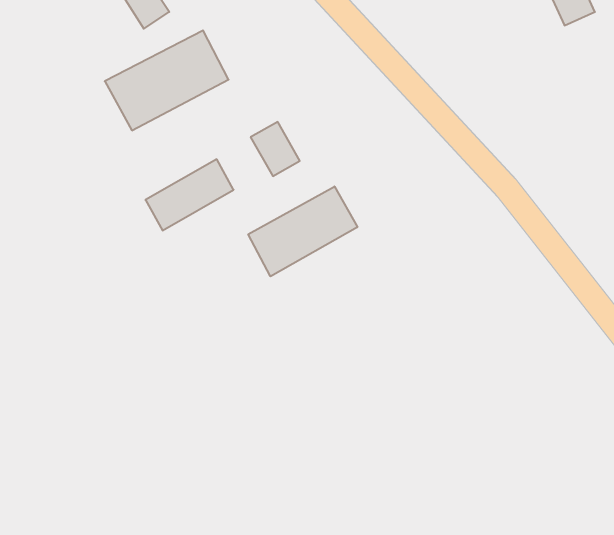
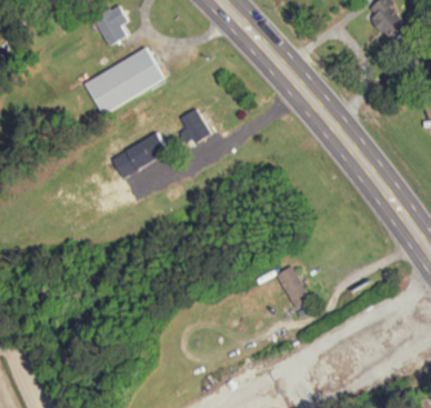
building: [248,186,357,276] -> none
building: none -> [277,267,310,309]

